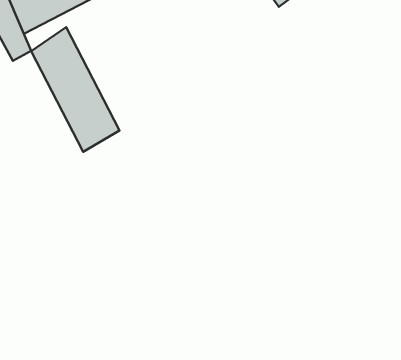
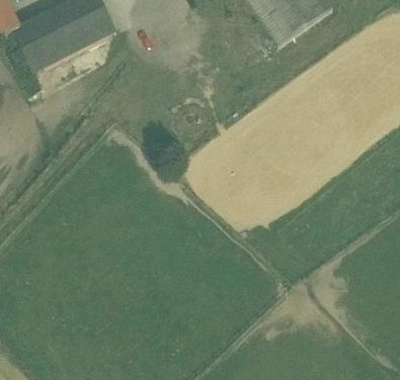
building: [31,27,120,152] -> none

